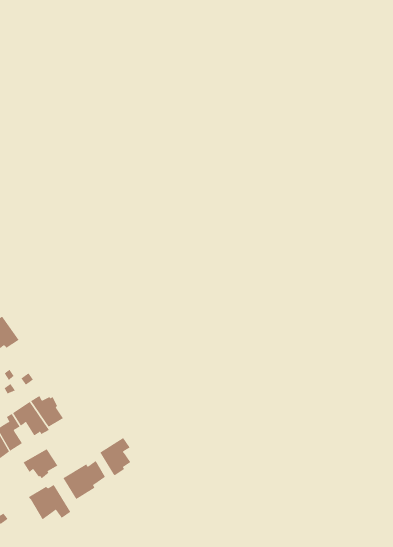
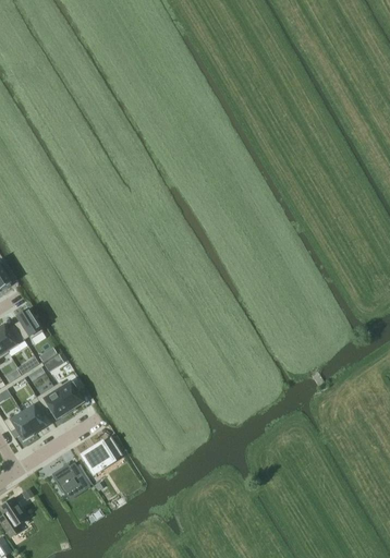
building: [99,437,131,476] -> none
building: [23,448,58,479] -> none

